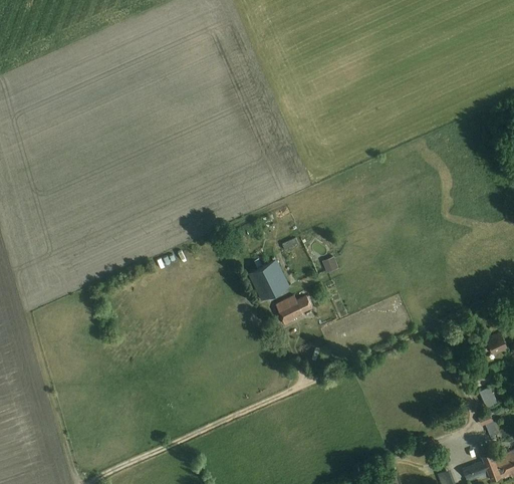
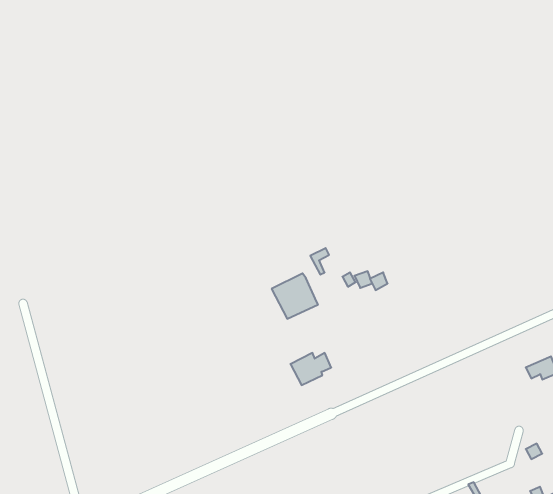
building: [276,295,313,324] -> [290,353,331,385]

